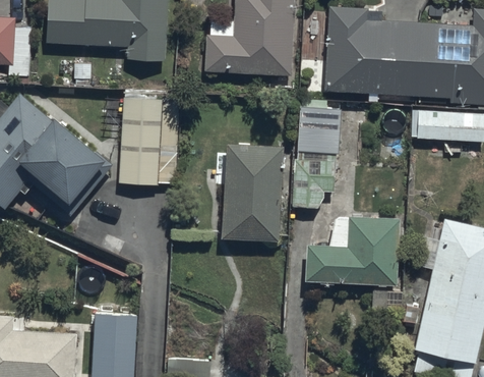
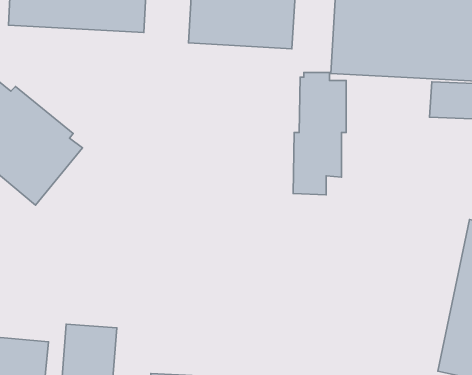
building: [117,88,180,181] -> none
building: [223,144,289,245] -> none
building: [307,215,403,282] -> none

